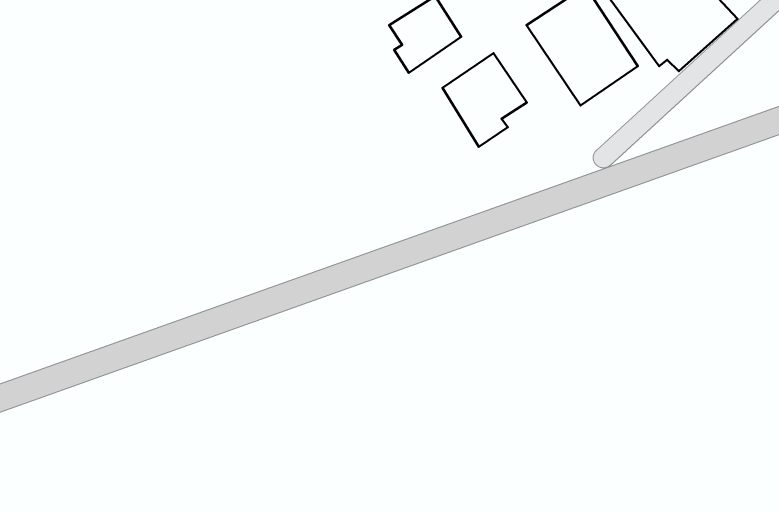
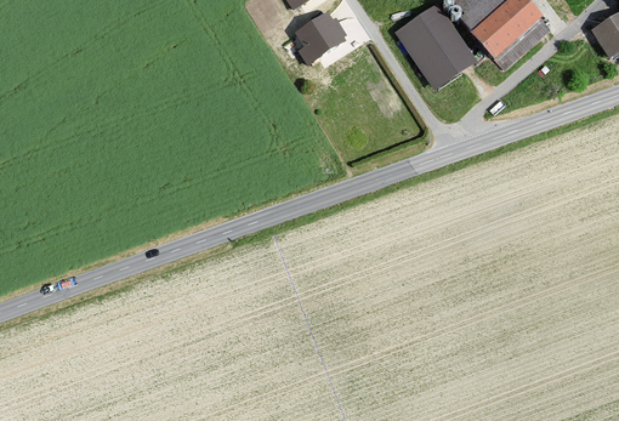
building: [442,53,527,147] -> none

